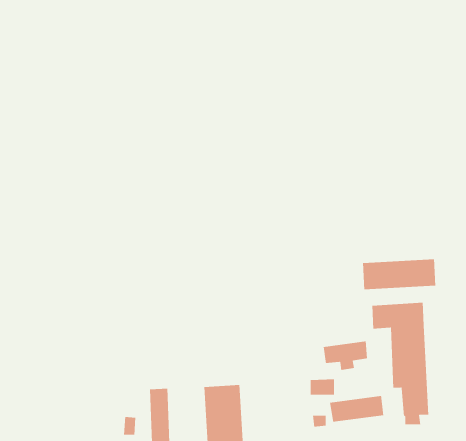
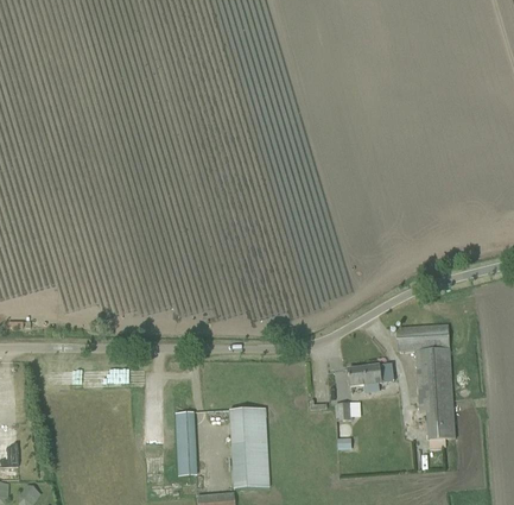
building: [363,259,436,290] -> none
building: [329,395,384,423] -> none

